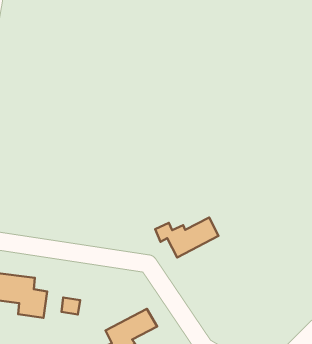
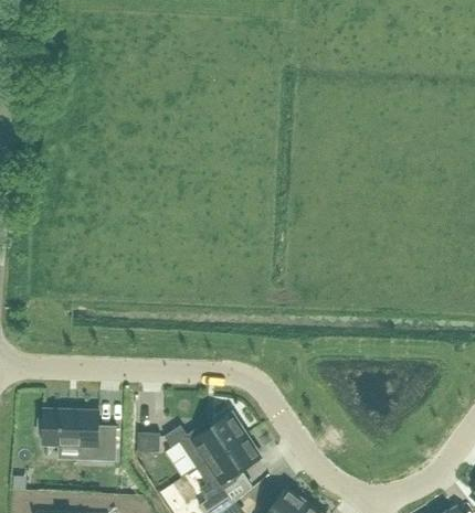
building: [155,218,218,257] -> [165,414,246,469]

